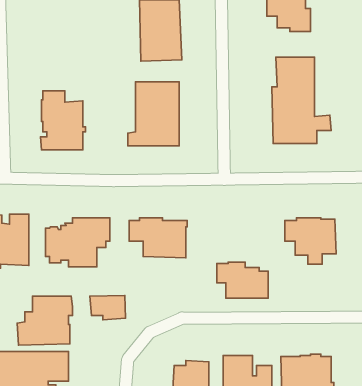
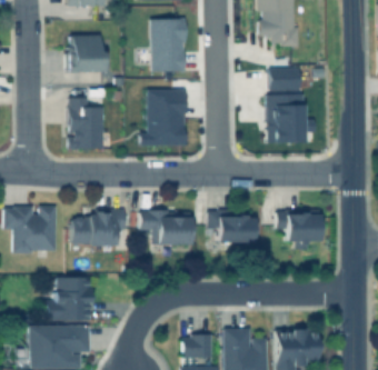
building: none -> [68,37,106,76]
building: [217,262,268,298] -> [211,210,256,241]
building: [90,295,125,320] -> none

